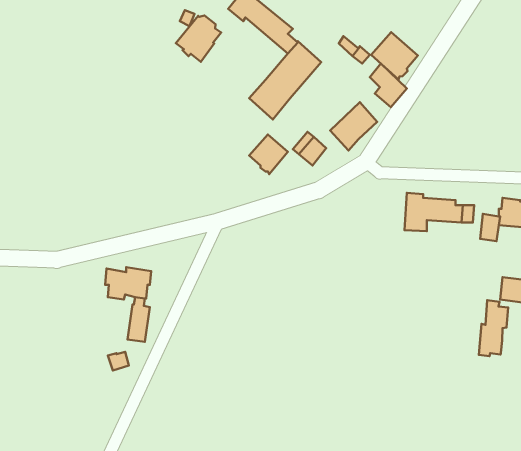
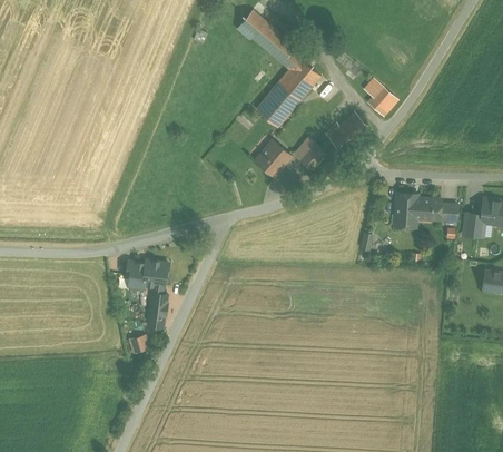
building: [176,15,221,62] -> none
building: [371,32,418,80] -> none
building: [479,300,508,356] -> none

